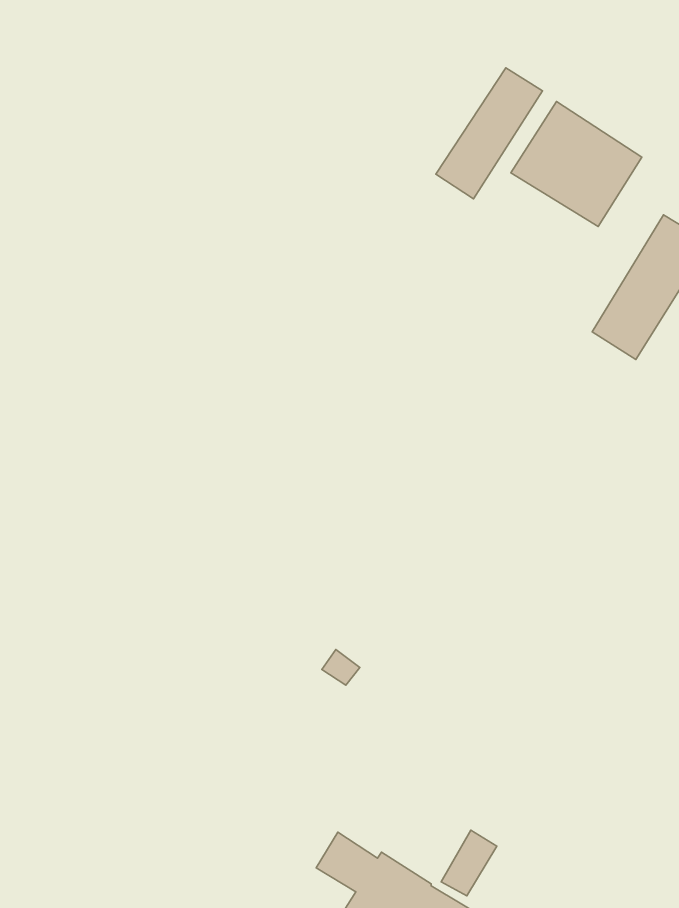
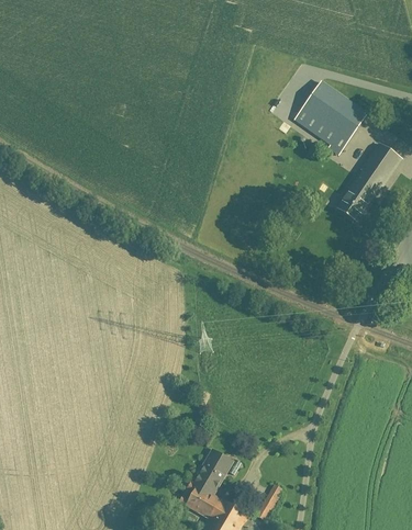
building: [436,68,543,199] -> none
building: none -> [197,448,232,487]

